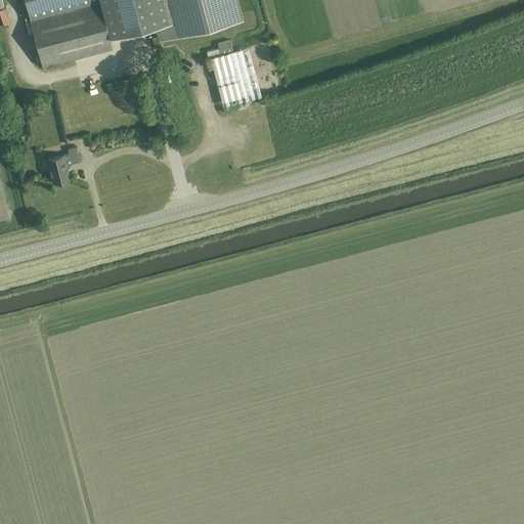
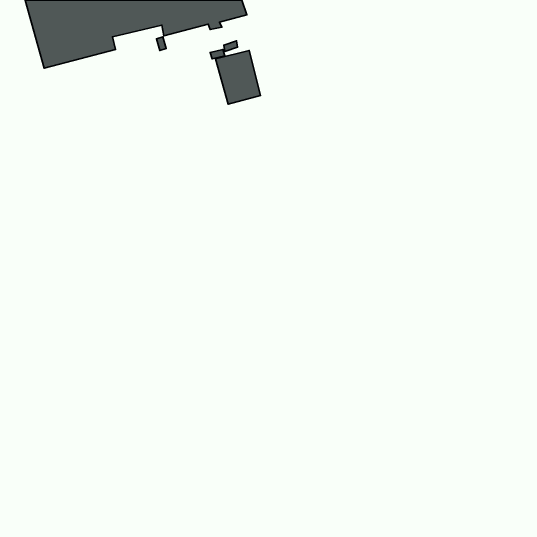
building: [47,146,81,183] -> none

